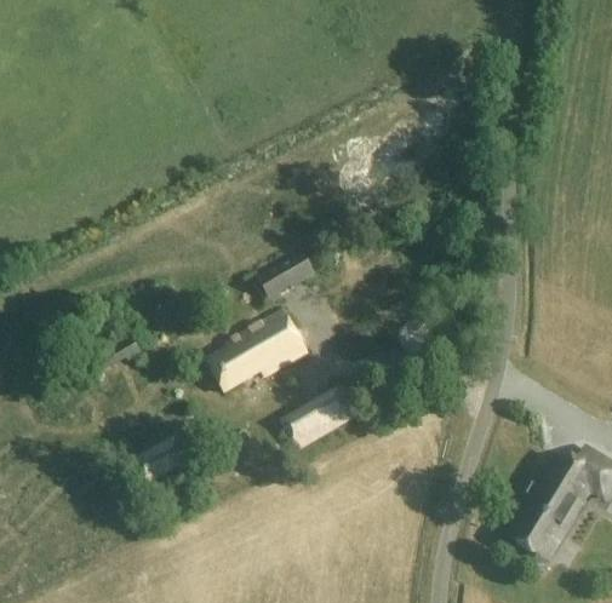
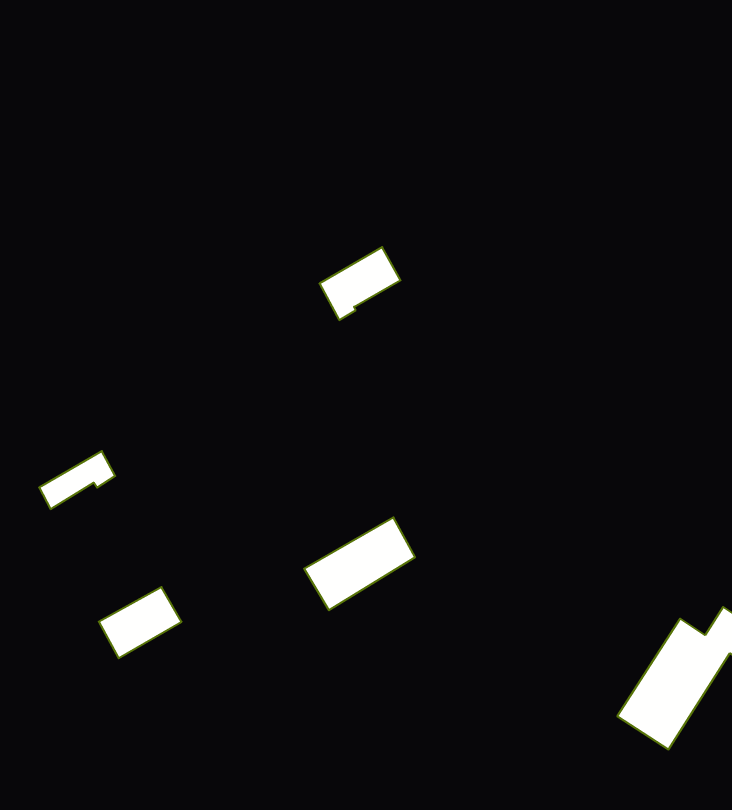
building: [259,251,319,304] -> [319,247,401,320]
building: [208,310,309,392] -> none

